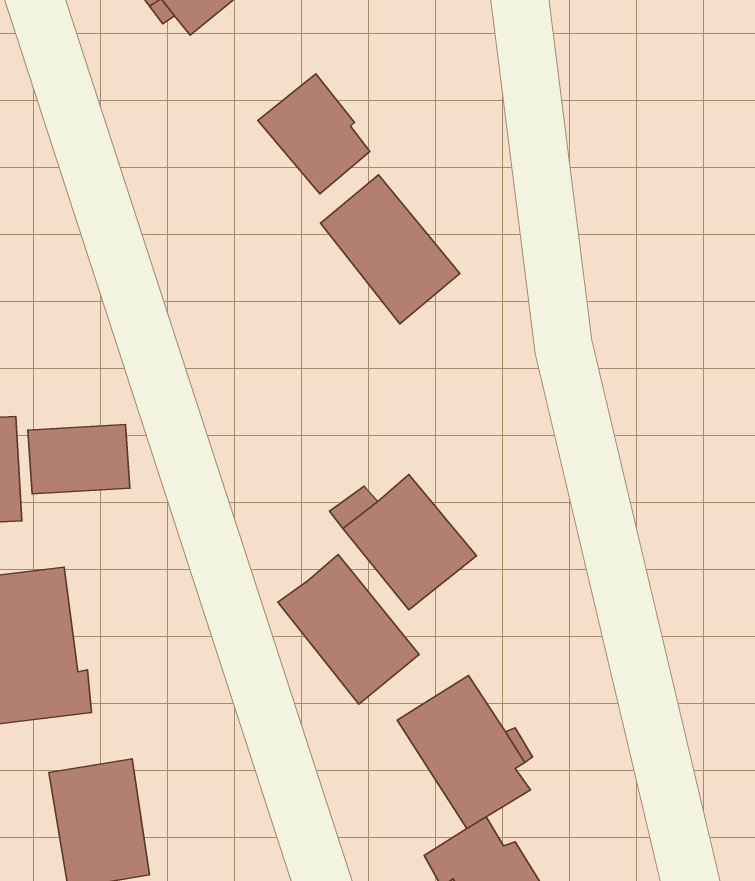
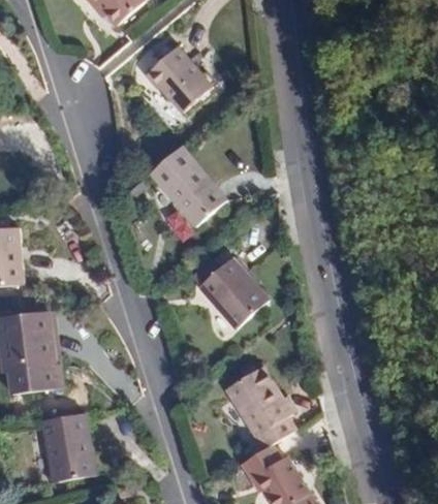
building: [320,175,460,324] -> [152,145,226,224]
building: [28,425,130,494] -> none
building: [278,555,419,704] -> none

